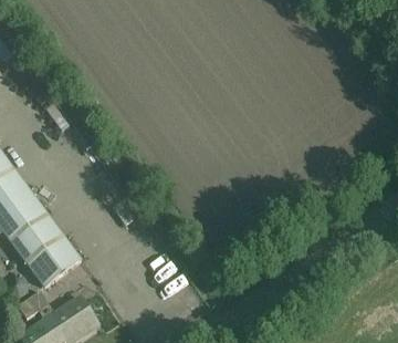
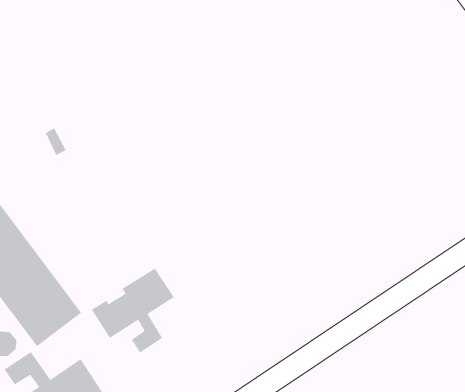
building: none -> [91,268,175,353]

